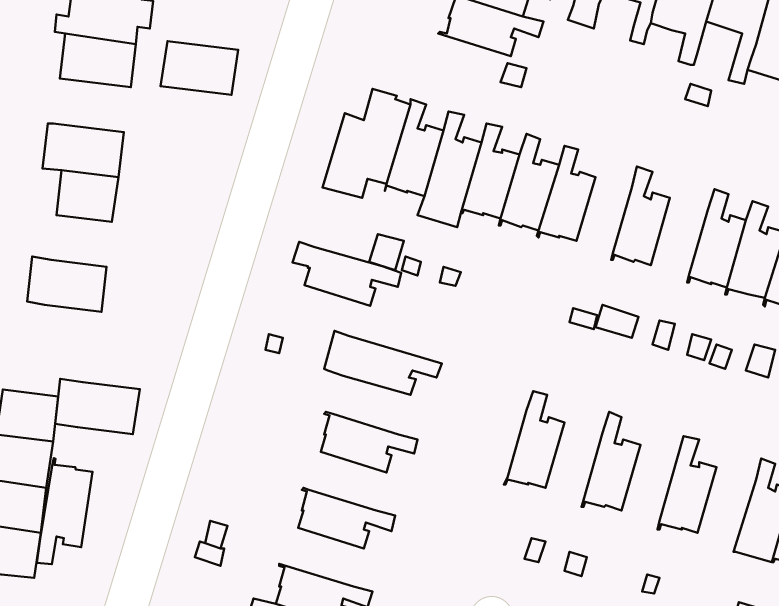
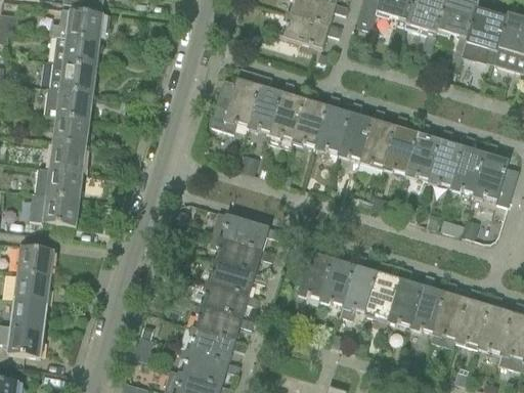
building: [161,41,238,95] -> [51,61,97,93]
building: none -> [360,107,394,165]
building: none -> [404,121,439,178]
building: none -> [50,142,86,173]
building: [292,242,401,306] -> [210,234,274,272]
building: [55,379,140,434] -> [30,193,80,226]
building: none -> [297,239,332,298]
building: none -> [340,253,377,318]
building: none -> [387,266,422,323]
building: none -> [430,279,468,348]
building: none -> [203,281,261,317]
building: [37,458,93,564] -> none
building: none -> [185,326,248,362]

